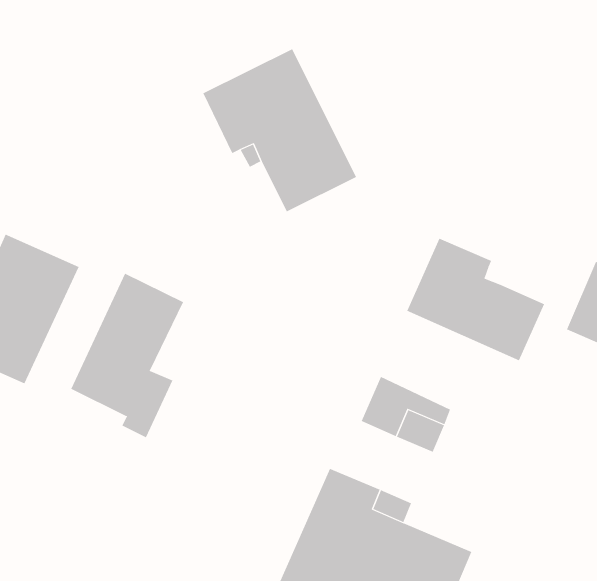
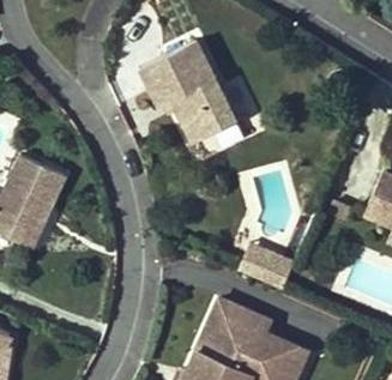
building: [407,238,545,361] -> none
building: [70,273,184,438] -> none

